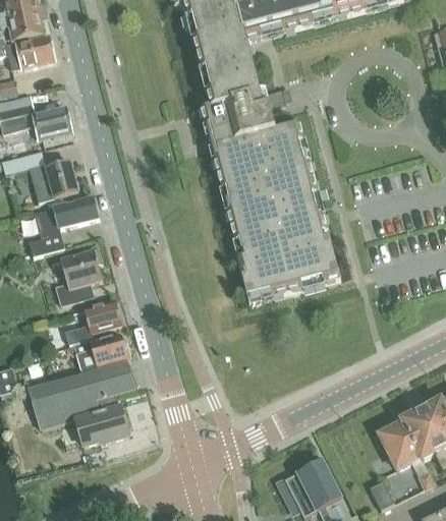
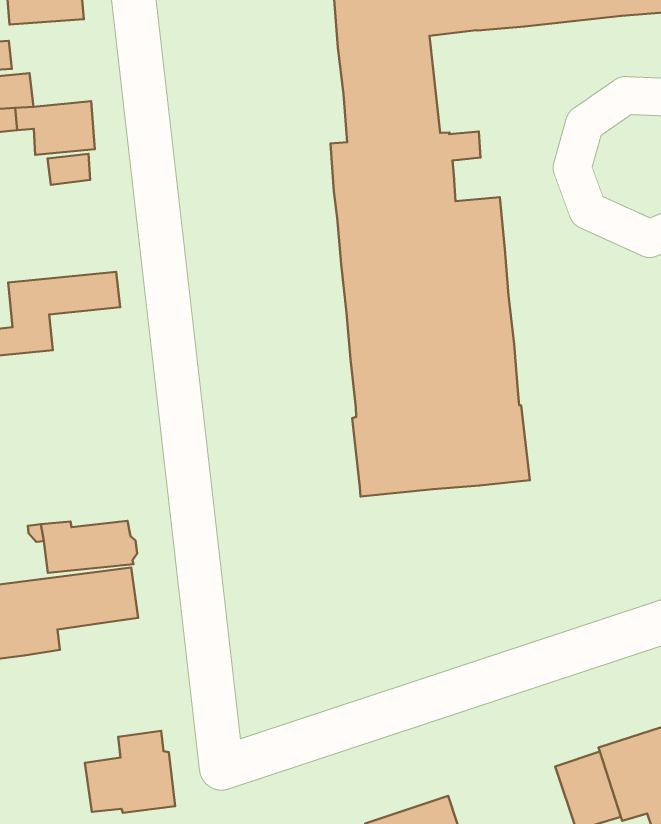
building: [29,162,78,201] -> none
building: [56,249,103,304] -> none
building: [65,300,121,343] -> none
building: [75,394,129,445] -> [85,731,175,813]

